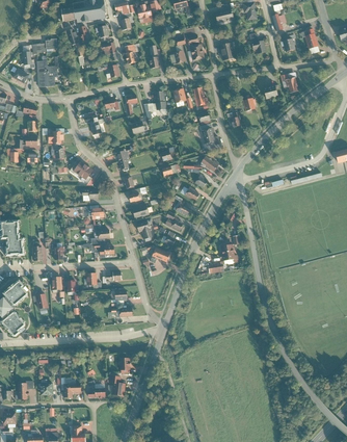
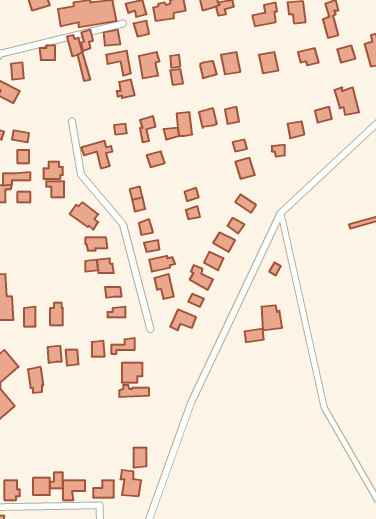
building: [37,61,61,87] -> none

